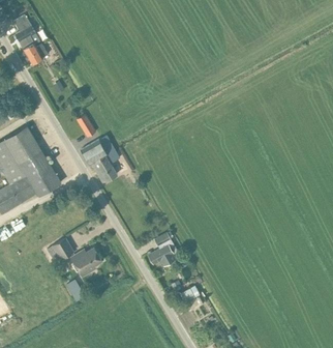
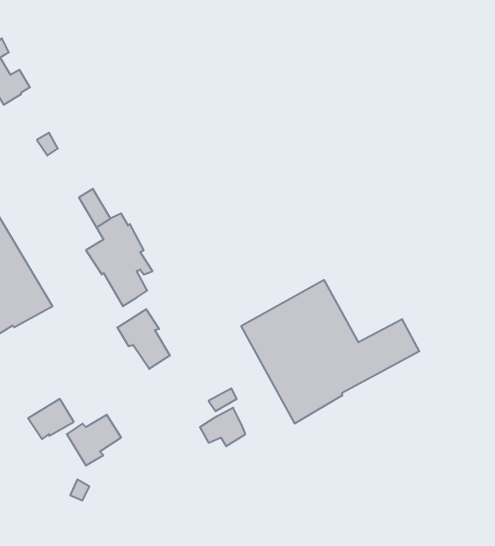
building: none -> [241,280,419,424]
building: none -> [117,309,170,369]

